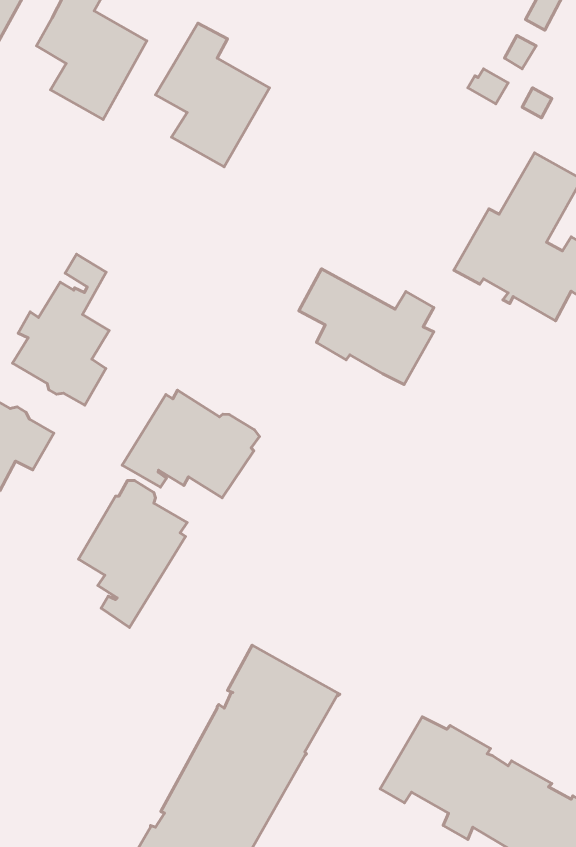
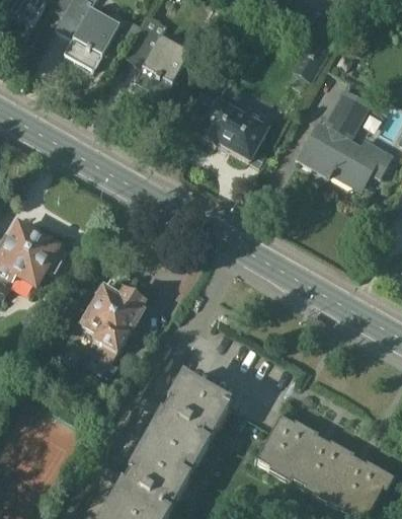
building: [13,254,109,405] -> none
building: [299,269,434,384] -> [187,92,265,159]
building: [122,390,260,498] -> none

